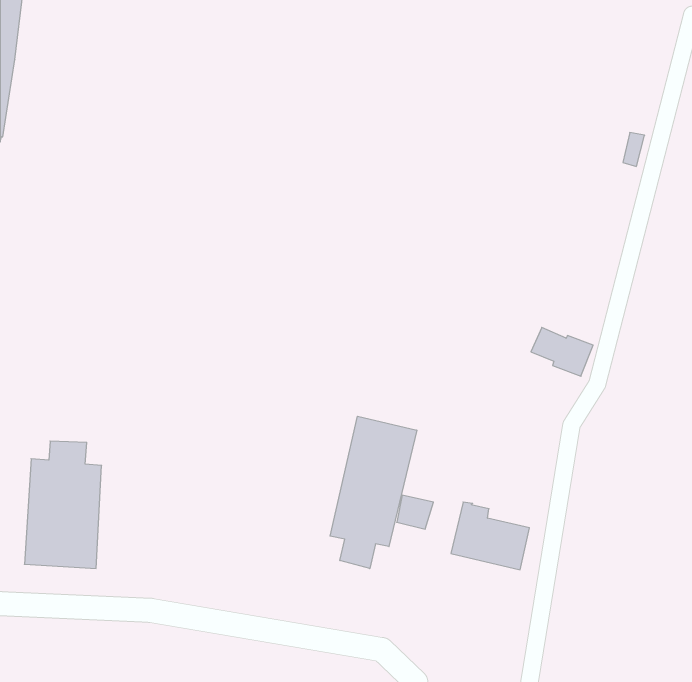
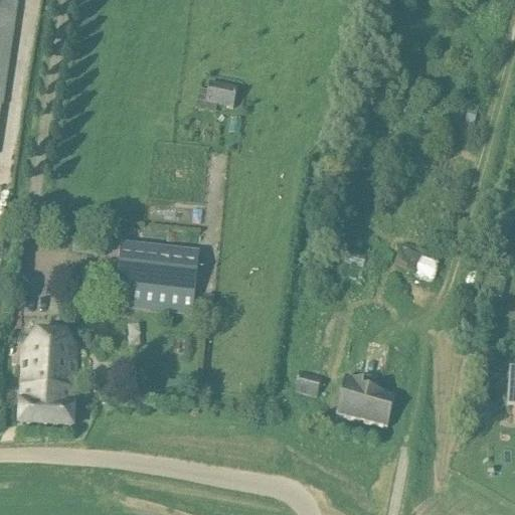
building: none -> [204,77,237,105]
building: none -> [112,240,198,311]
building: [330,416,417,569] -> none

